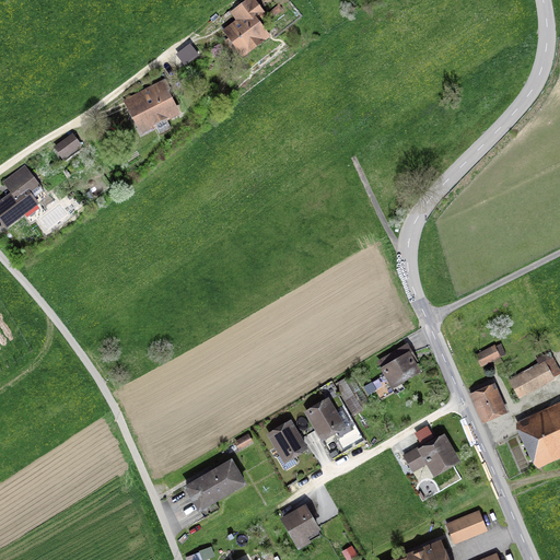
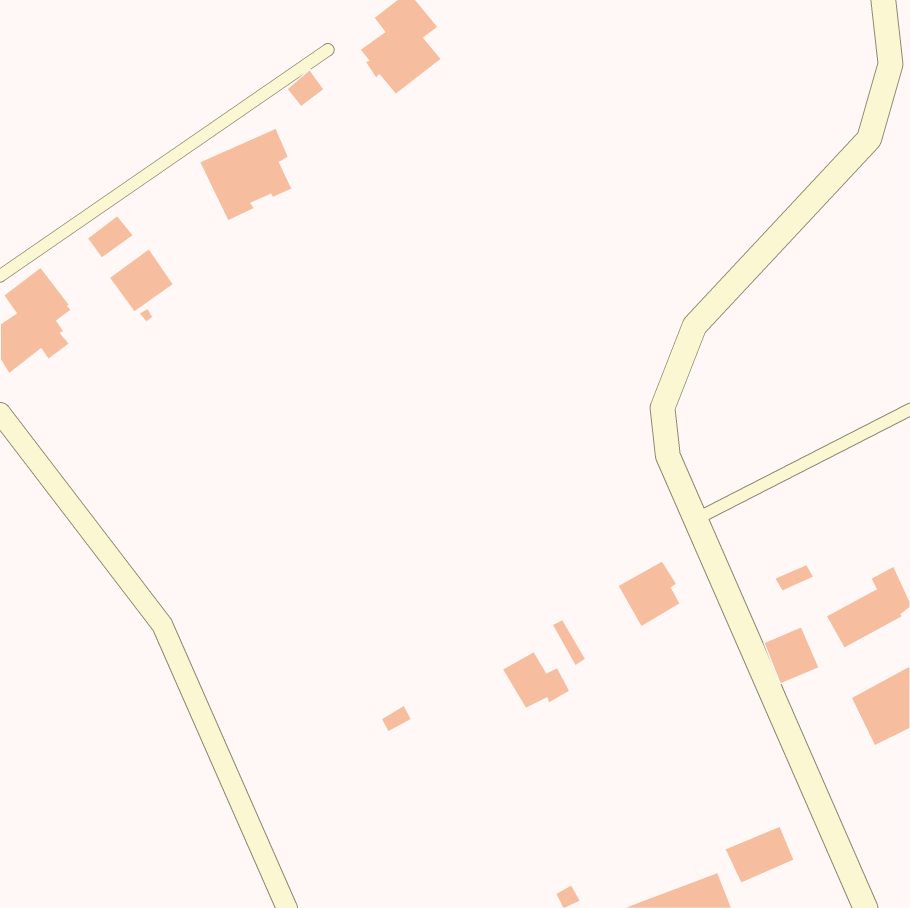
building: none -> [109,249,173,312]
building: [270,423,305,470] -> none
building: [402,434,460,478] -> none
building: [187,459,245,516] -> none
building: [282,506,318,547] -> none

